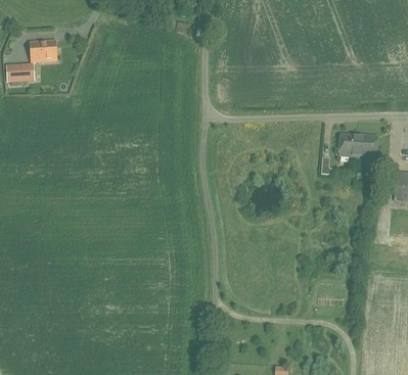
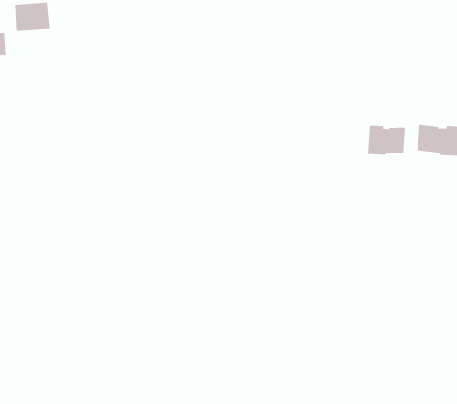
building: none -> [368,125,406,155]

